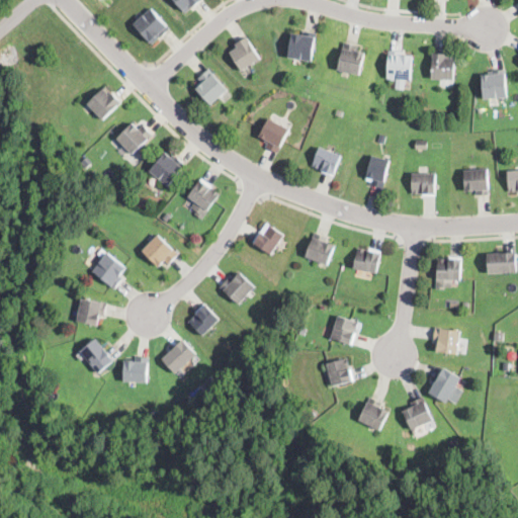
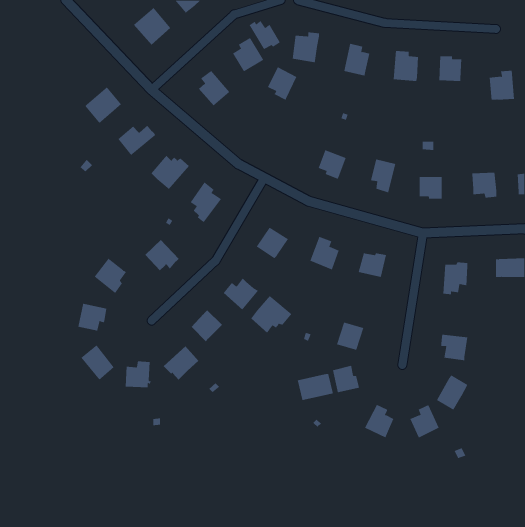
building: none -> [249,20,280,50]
building: [258,118,287,152] -> [267,66,297,100]
building: none -> [251,295,292,333]
building: none -> [297,373,333,401]

